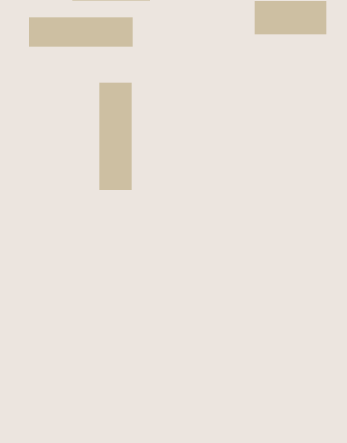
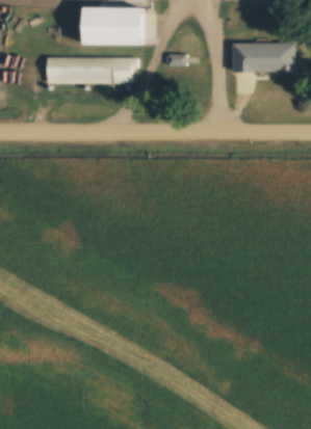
building: [98,82,132,191] -> none

